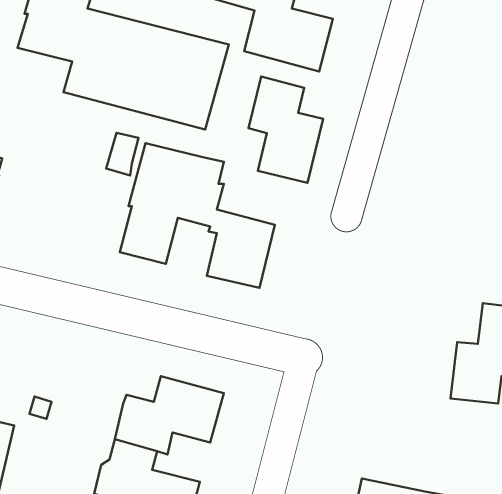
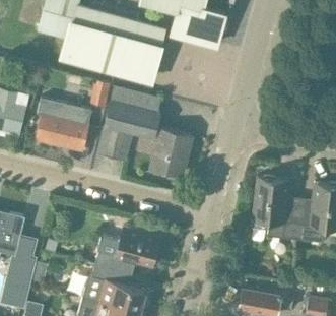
building: [248,77,323,183] -> none
building: none -> [37,102,90,148]
building: none -> [253,177,299,240]

